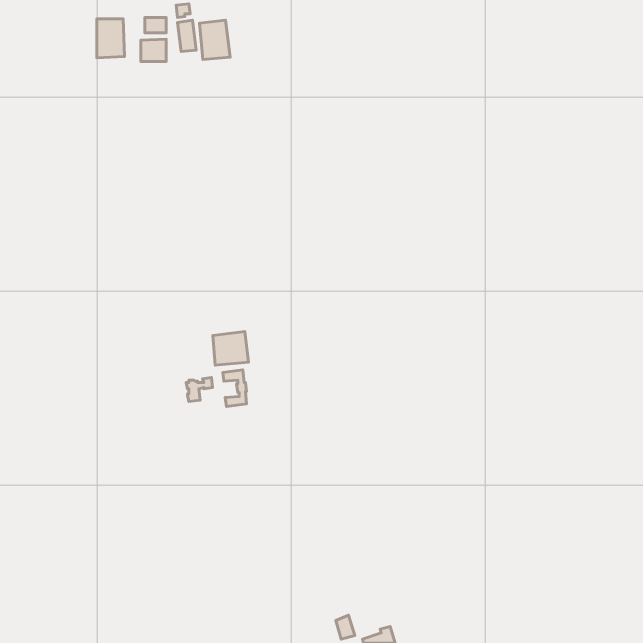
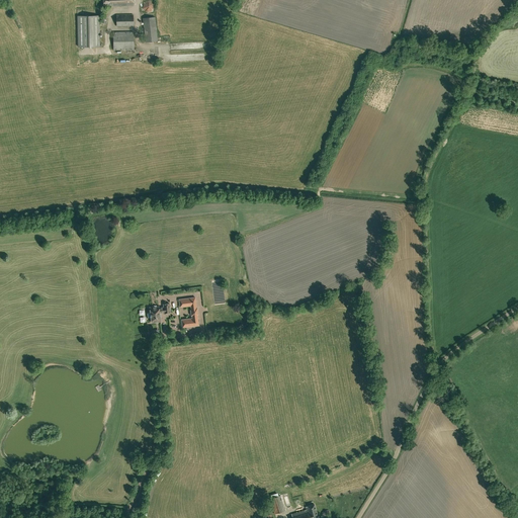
building: [200,20,230,59] -> none
building: [213,332,248,365] -> none

